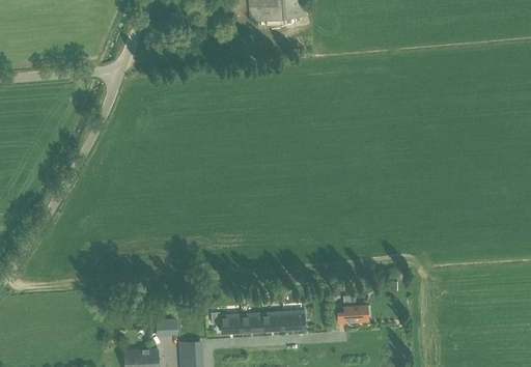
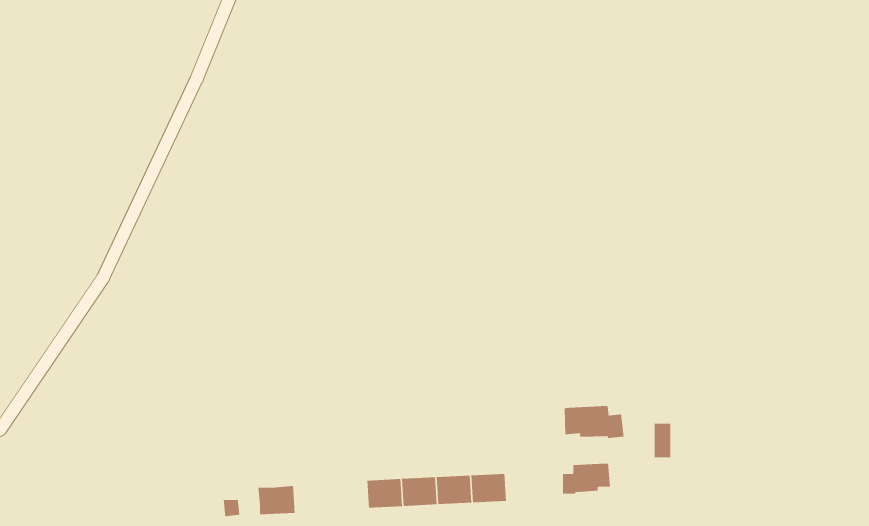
building: none -> [564,405,624,439]

